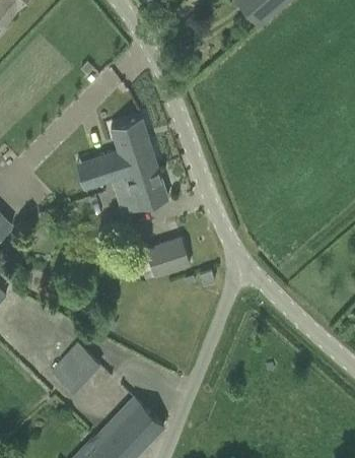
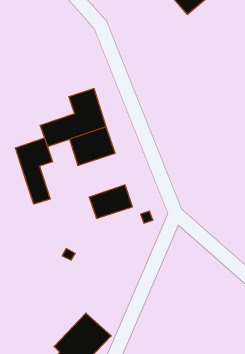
building: none -> [15,138,53,204]
building: [52,343,101,394] -> none

